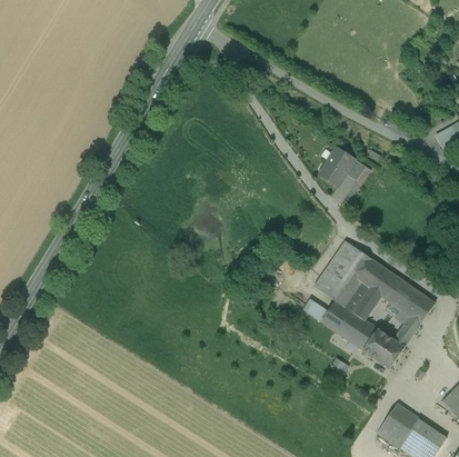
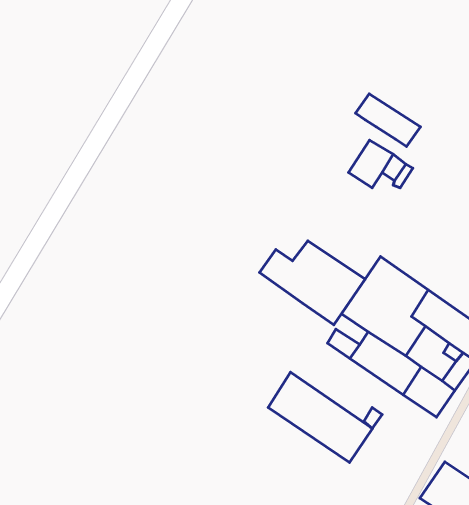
building: none -> [355,94,420,146]
building: none -> [260,241,365,325]
building: none -> [268,372,373,462]

